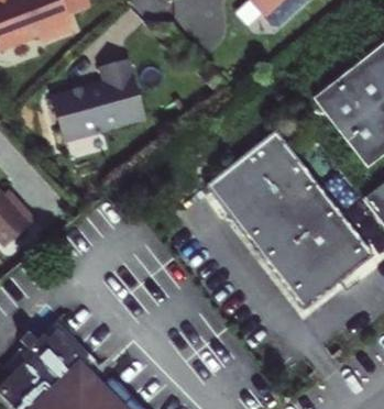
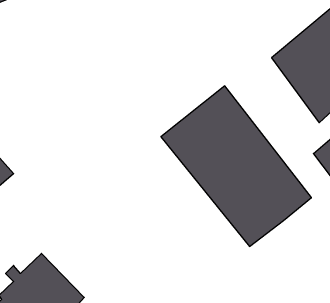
building: [50,51,150,143] -> none

